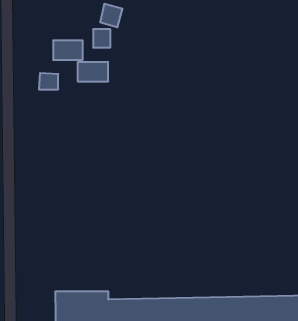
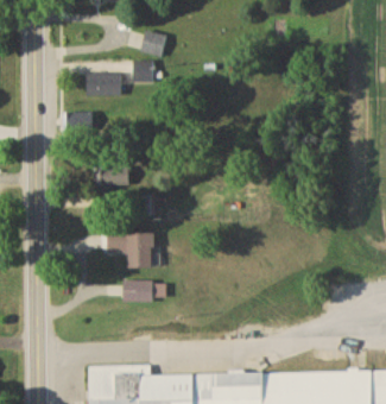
building: [78,62,108,81] -> [93,164,128,187]
building: none -> [114,234,153,269]
building: none -> [124,280,165,301]

